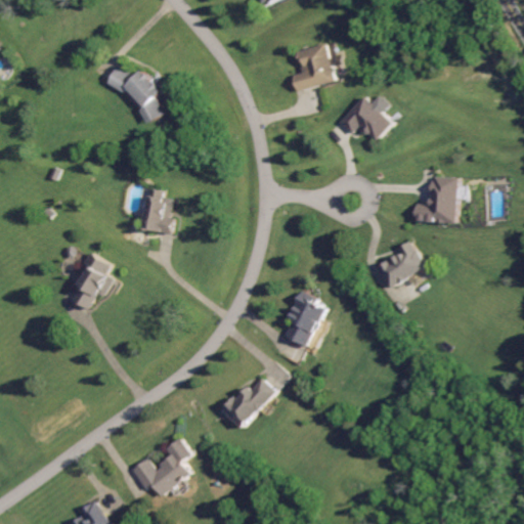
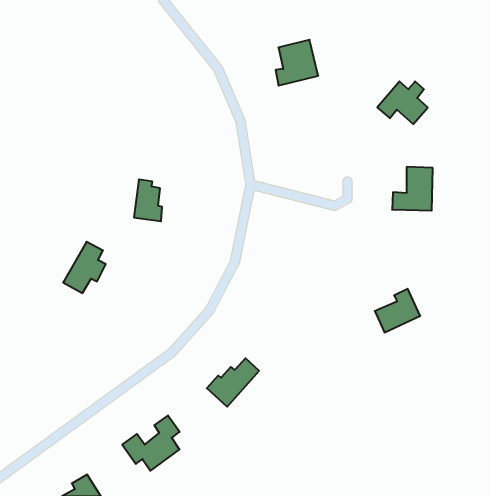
building: [110,69,164,123] -> none
building: [338,95,391,140] -> [377,81,428,124]
building: [375,241,423,287] -> [375,289,420,332]
building: [283,293,325,346] -> none

